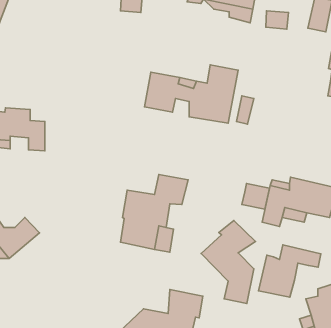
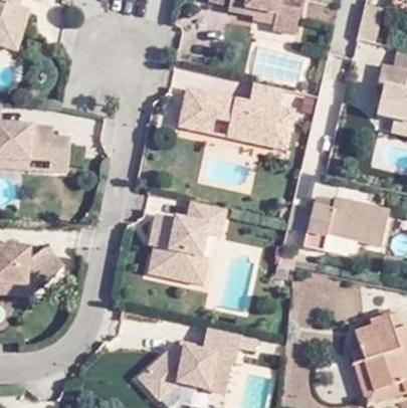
building: [201,221,255,304] -> none
building: [259,245,321,297] -> none

